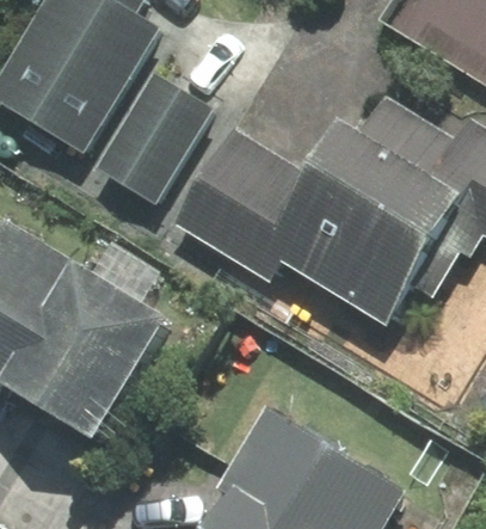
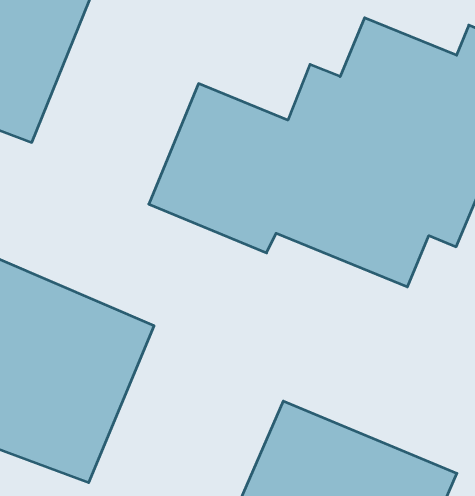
building: [97,75,214,207] -> none

